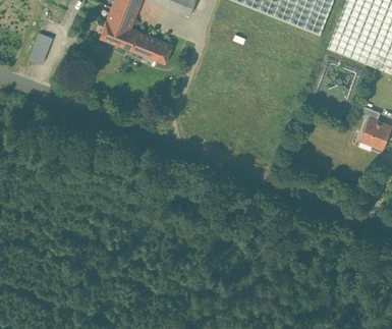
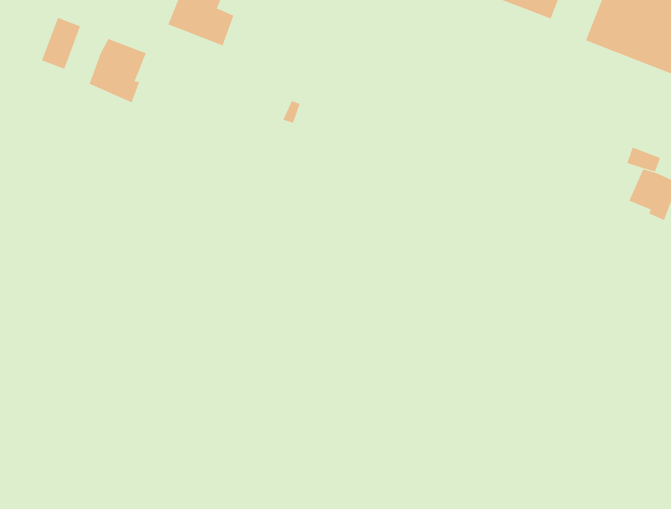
building: [132,31,171,61] -> none
building: none -> [89,38,147,103]

